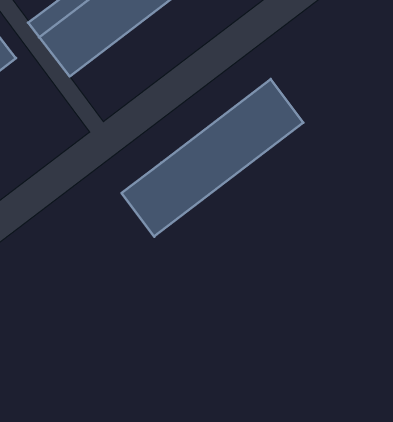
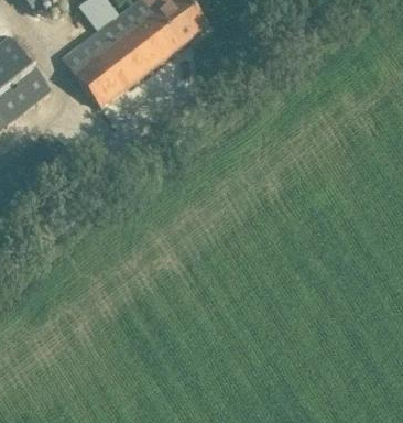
building: [122,79,303,237] -> none

